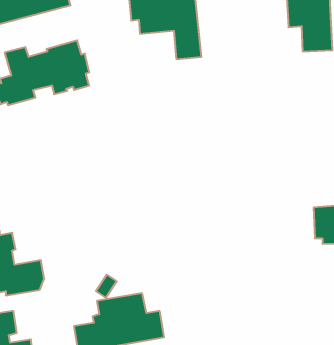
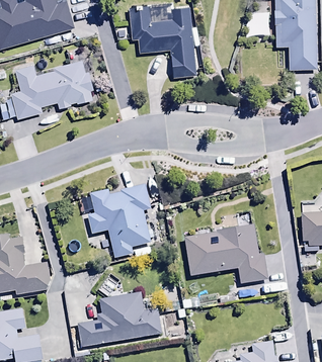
building: none -> [88,184,152,256]
building: none -> [186,224,269,283]

